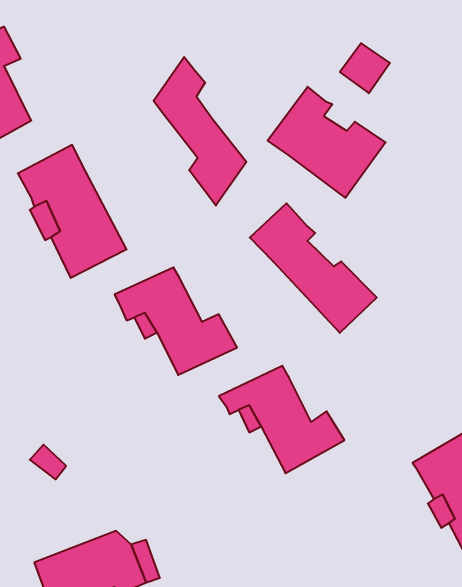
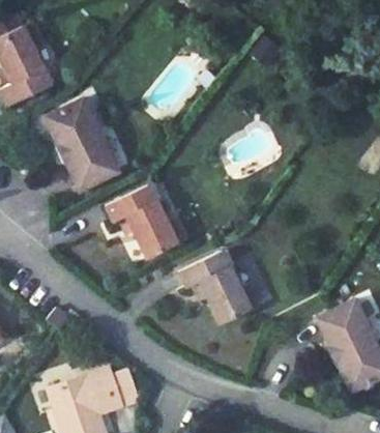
building: [154,57,246,206] -> none
building: [268,87,386,198] -> none
building: [250,203,377,333] -> none

